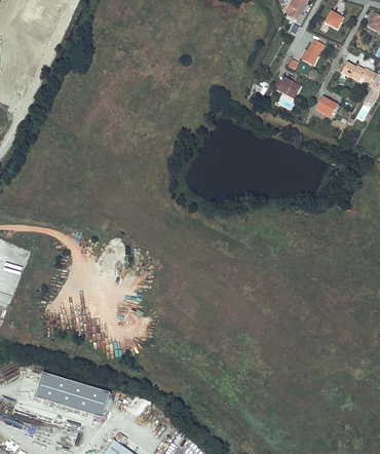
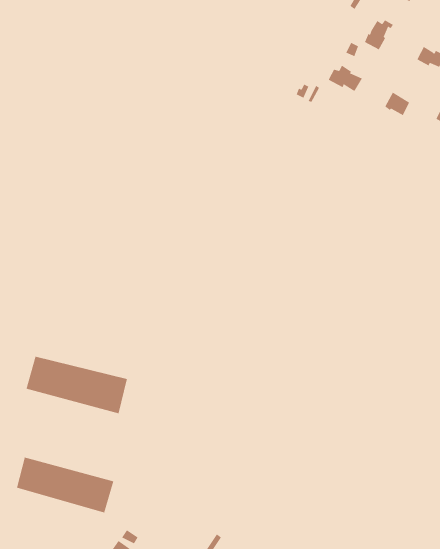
building: none -> [26,356,128,414]

